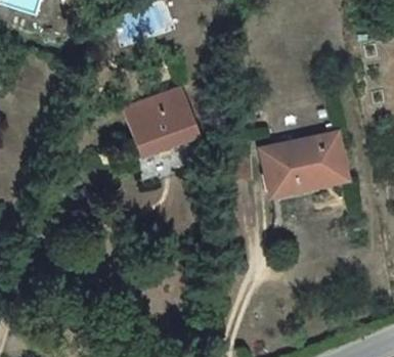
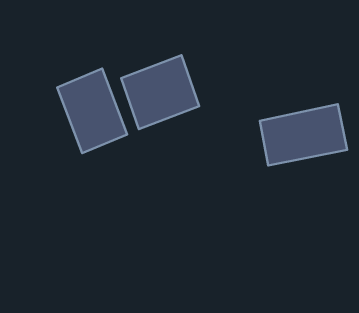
building: none -> [57,69,127,153]

